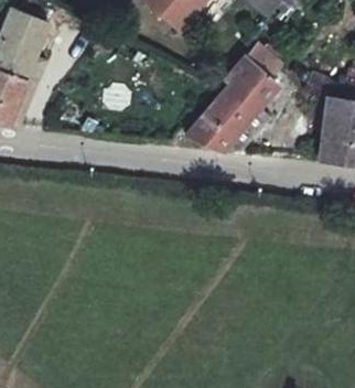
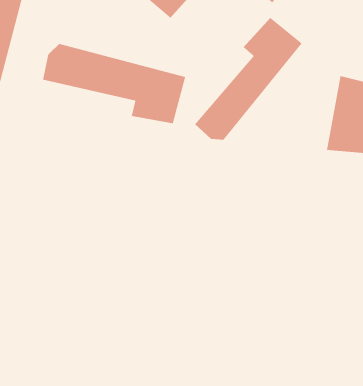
building: none -> [43,43,186,124]

